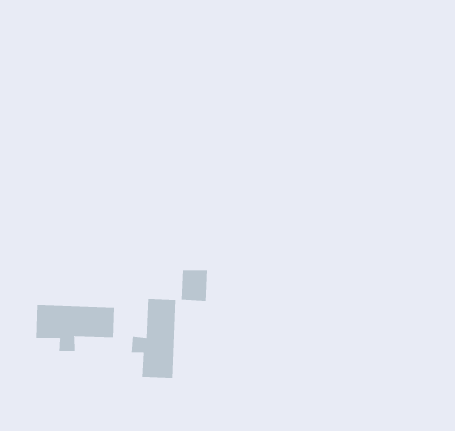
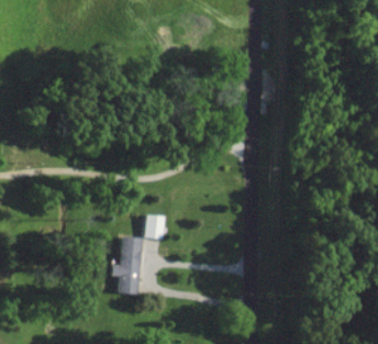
building: [36,304,114,352] -> none

